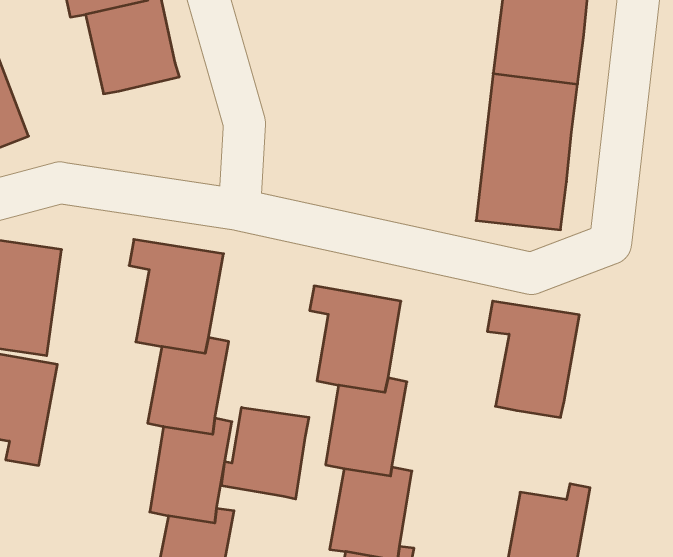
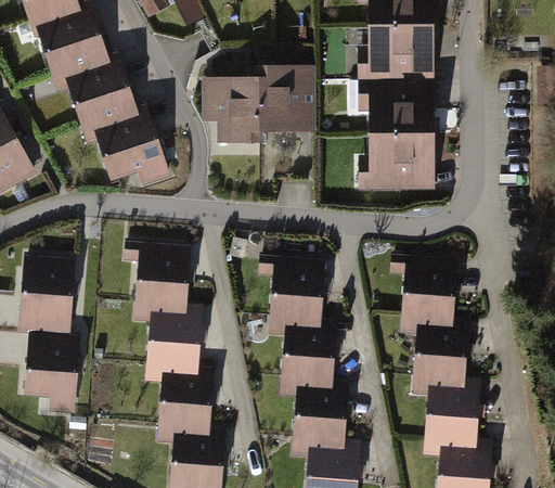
building: none -> [201,66,313,145]
building: none -> [95,104,169,190]
building: none -> [414,319,465,390]
building: [221,407,309,499] -> none

